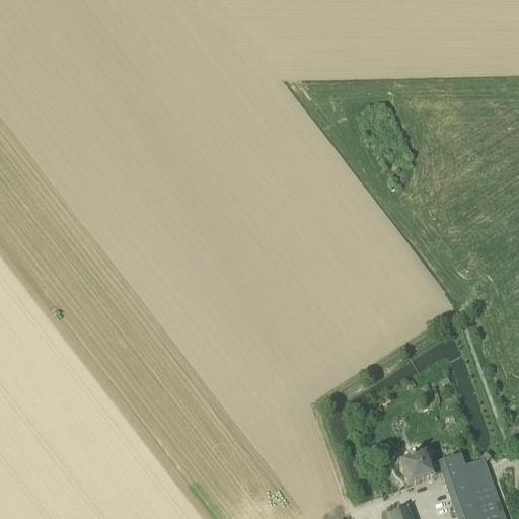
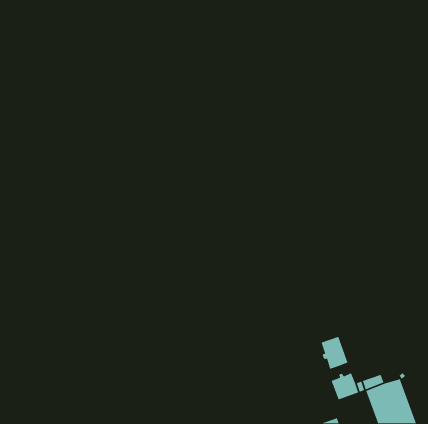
building: none -> [320,336,349,370]

